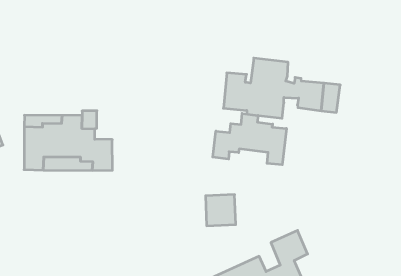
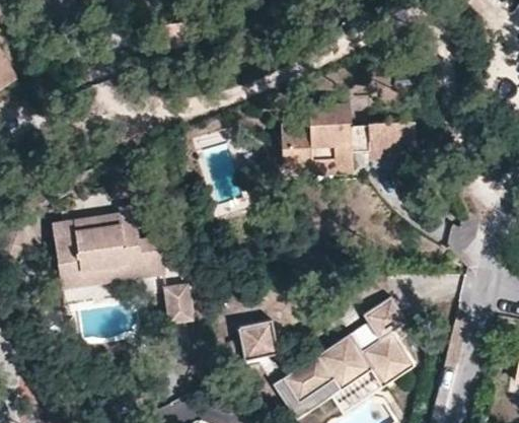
building: [213,113,286,165] -> none
building: none -> [163,275,191,313]
building: [206,195,236,226] -> [237,318,278,359]

